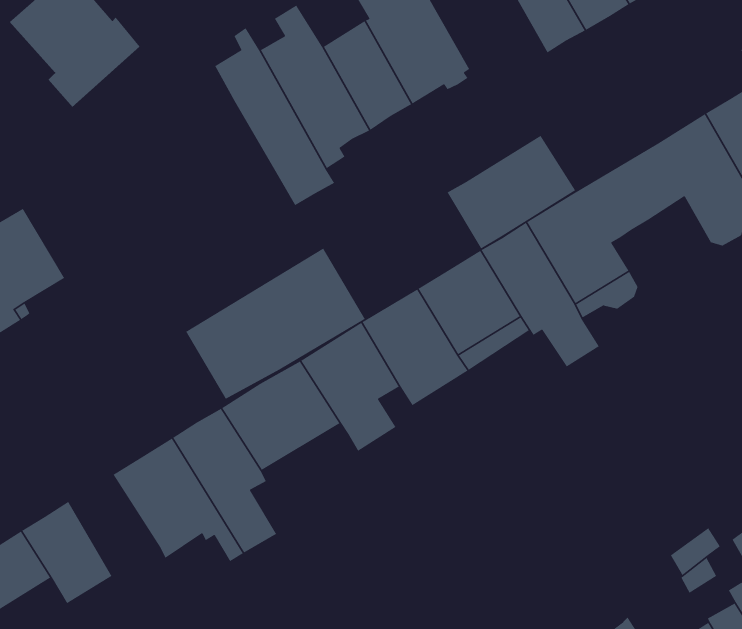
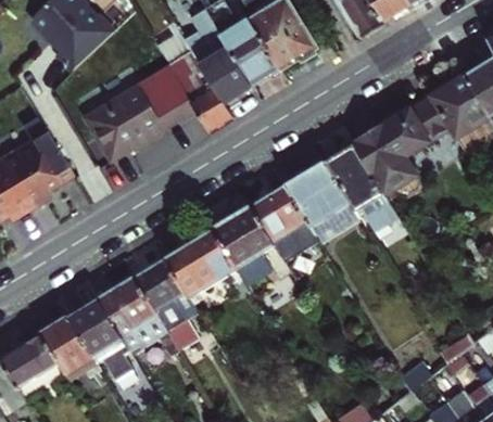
building: [447,135,576,249] -> none
building: [185,247,366,400] -> [86,67,198,162]
building: none -> [69,298,132,379]

